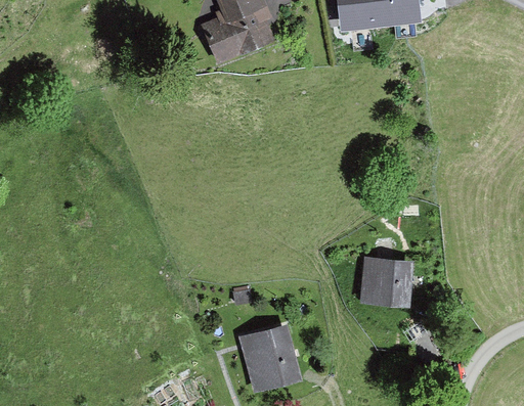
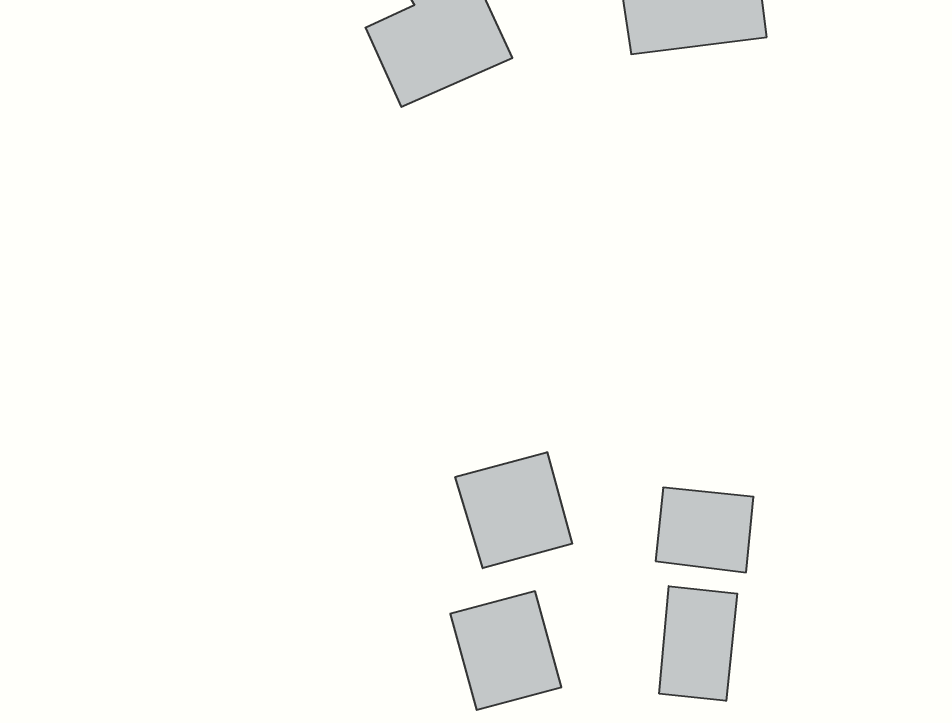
building: none -> [455,452,572,568]
building: none -> [659,586,737,701]

